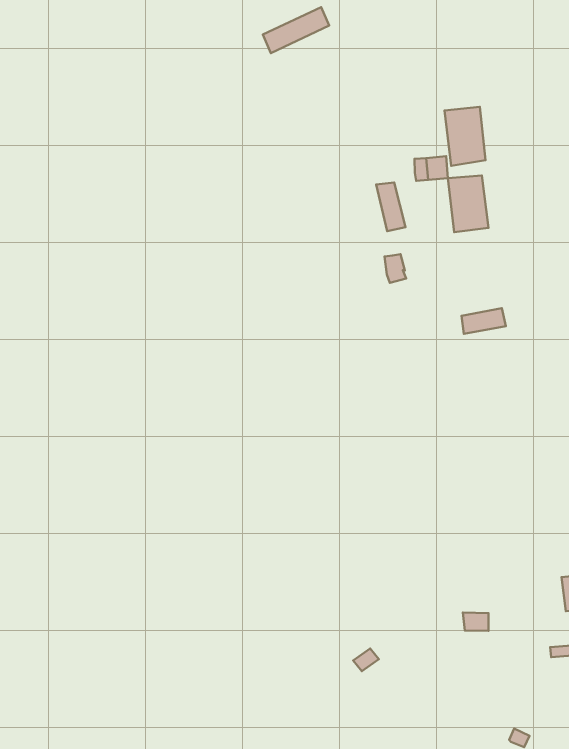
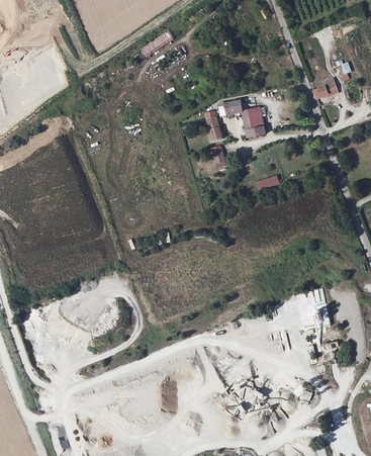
building: [445,107,486,166] -> none

